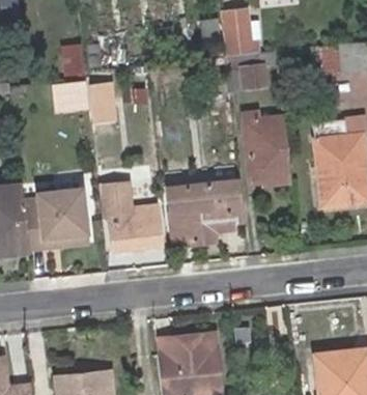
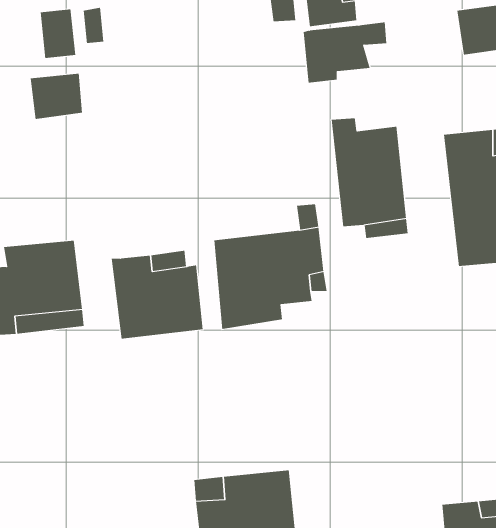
building: [88,74,113,121] -> none

